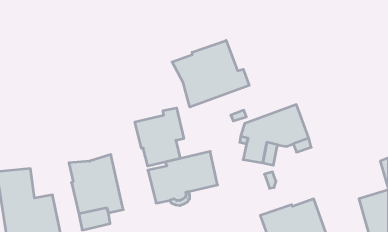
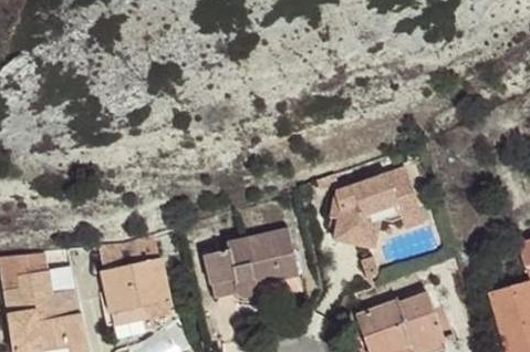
building: [172,40,249,107] -> none
building: [135,108,184,166] -> none

